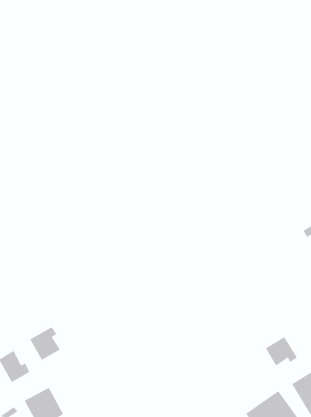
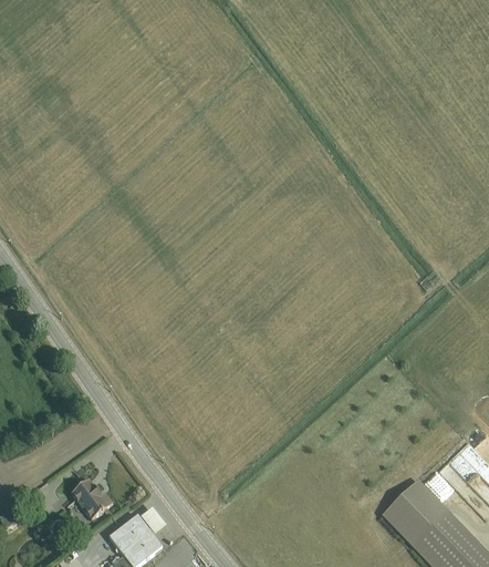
building: [29,326,61,361] -> none
building: [265,336,298,367] -> none

